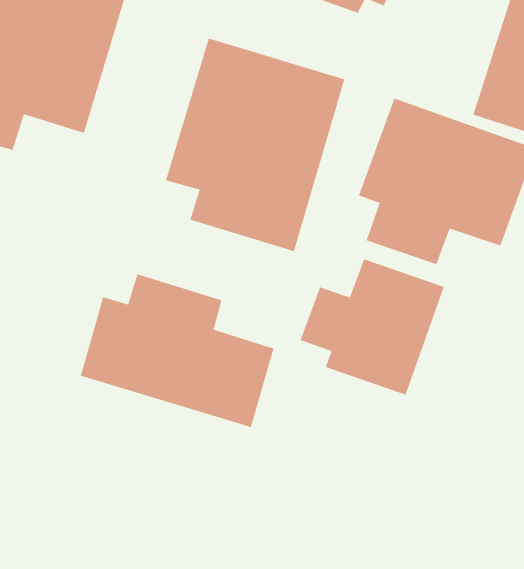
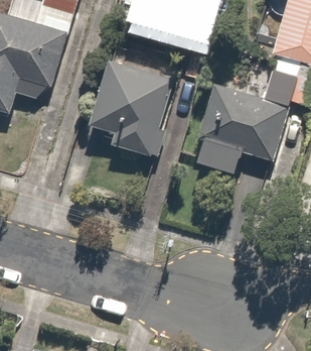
building: [300,259,445,395] -> none
building: [80,274,274,428] -> none

